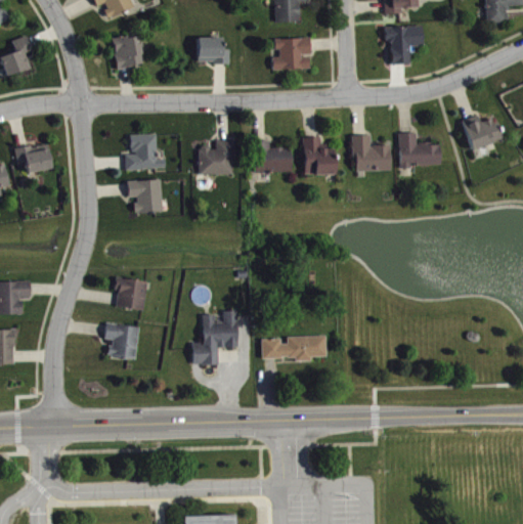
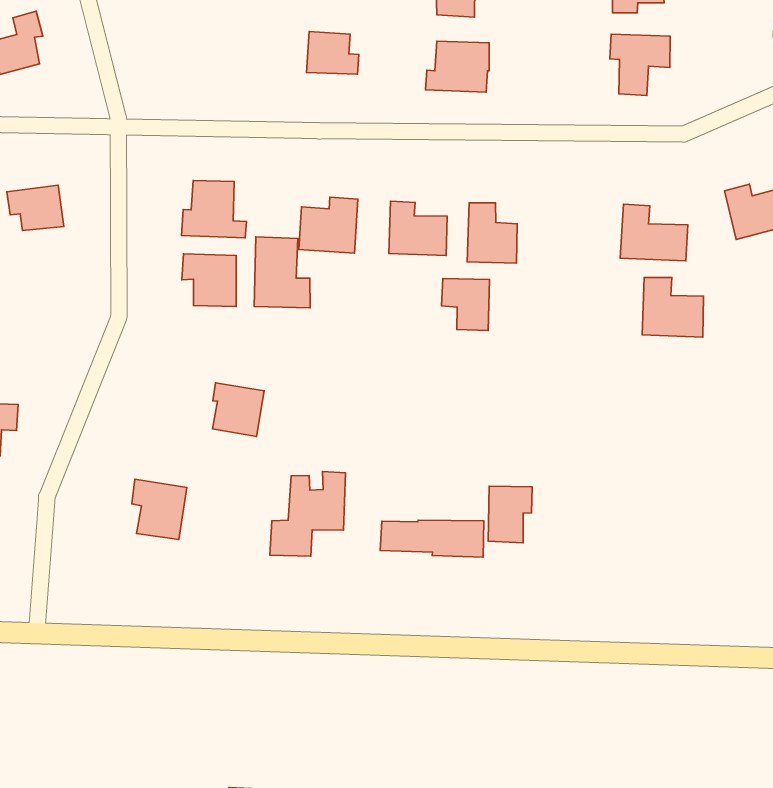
building: [112,35,141,69] -> none
building: [352,135,391,172] -> [642,278,704,337]
building: none -> [254,237,310,308]
building: none -> [442,278,490,331]
building: [115,278,146,310] -> [213,383,264,436]
building: none -> [488,486,532,543]

